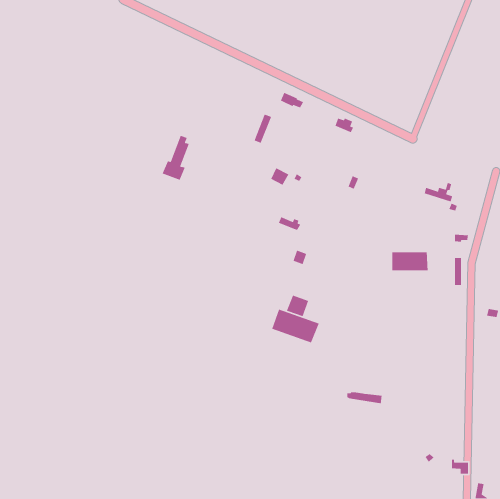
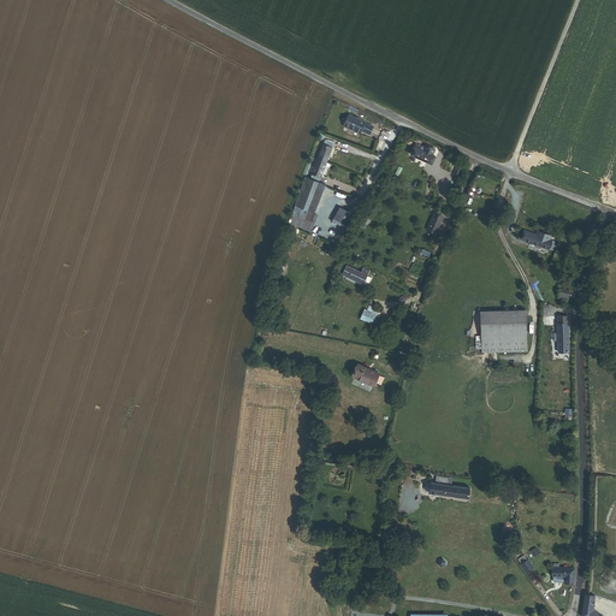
building: [161,135,190,181] -> [289,173,324,230]
building: none -> [476,333,527,350]
building: [271,309,320,343] -> none

